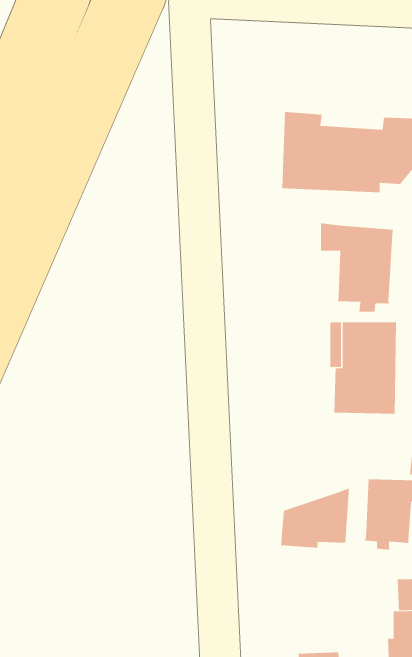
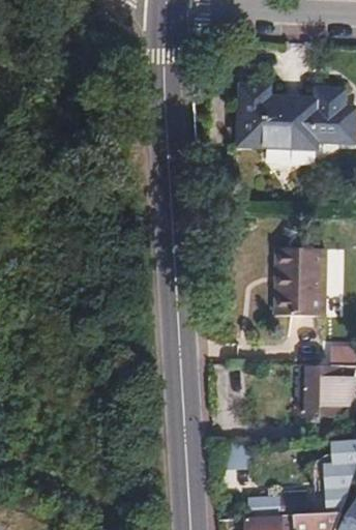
building: [320,223,393,313] -> none
building: [281,488,350,549] -> none

